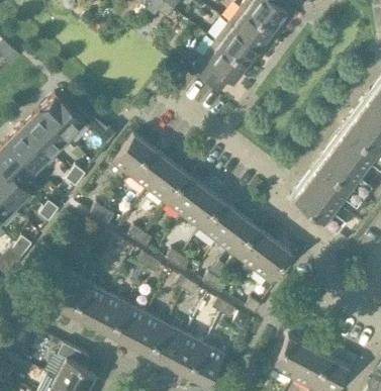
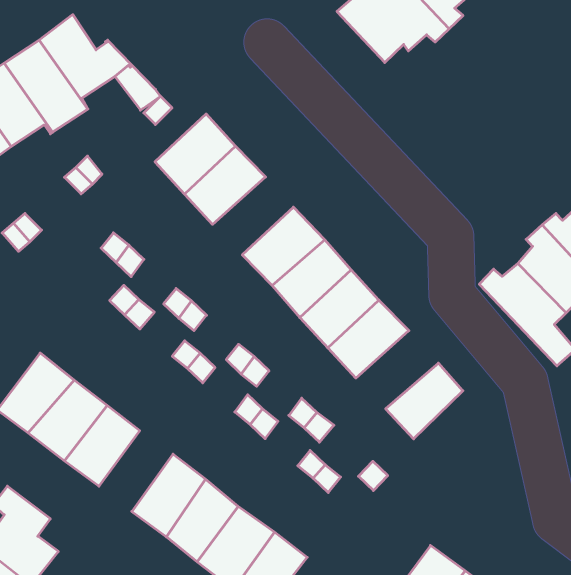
building: [148,161,188,203] -> none
building: [235,227,277,270] -> none
building: [112,303,148,346] -> none

